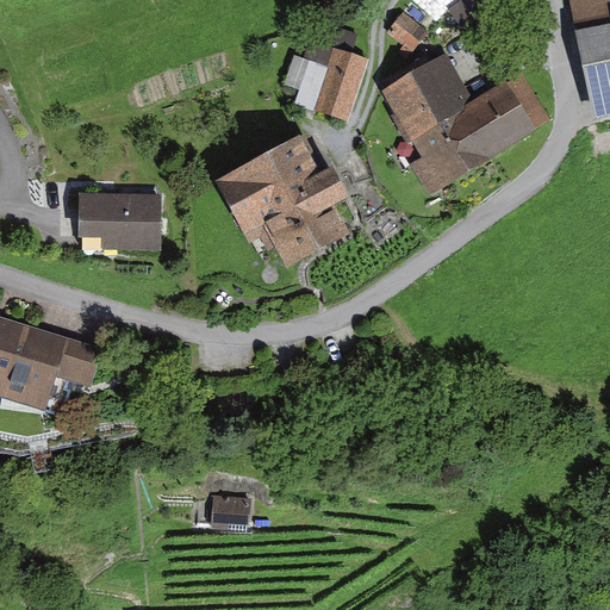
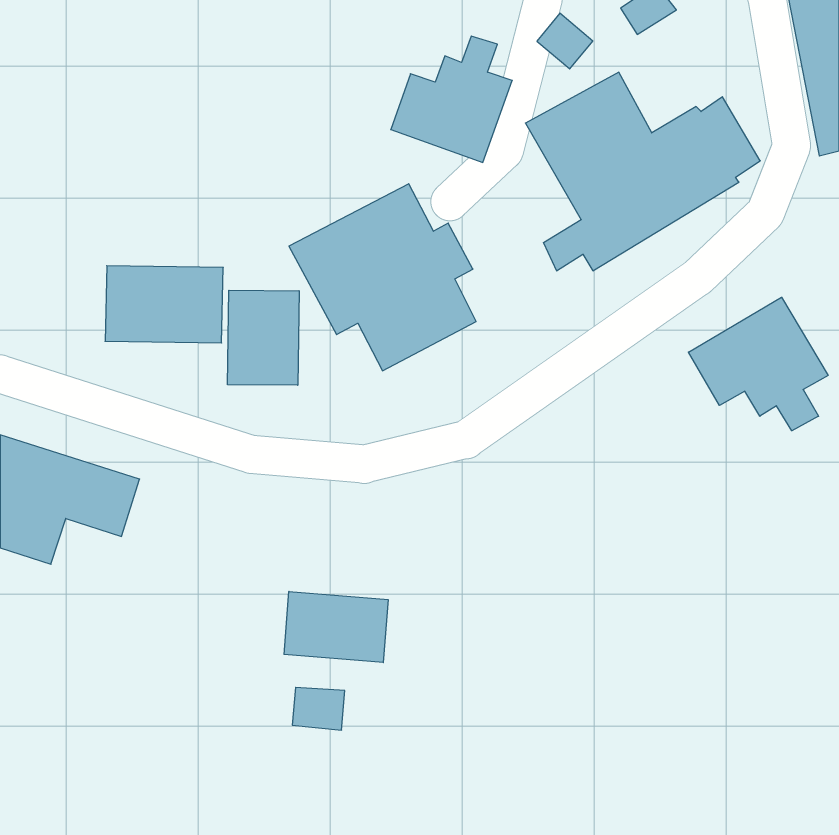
building: none -> [228,290,299,385]
building: none -> [688,297,828,431]
building: none -> [284,591,388,663]

